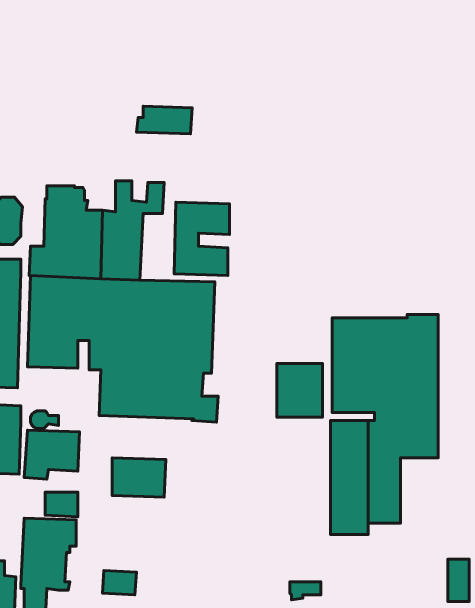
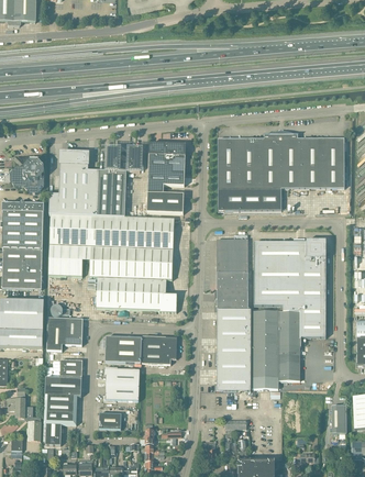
building: [137,106,192,134] -> [148,146,186,165]
building: none -> [218,132,344,210]
building: none -> [217,239,247,273]
building: none -> [215,309,251,390]
building: none -> [142,335,177,364]
building: none -> [103,367,140,401]

